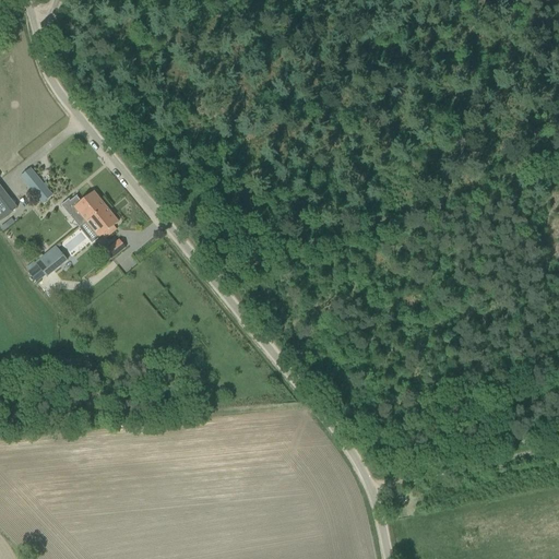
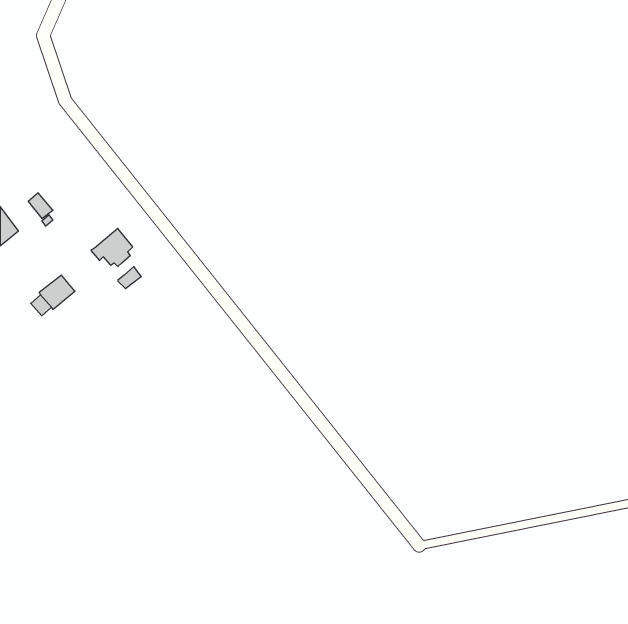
building: [60,189,105,221] -> none

